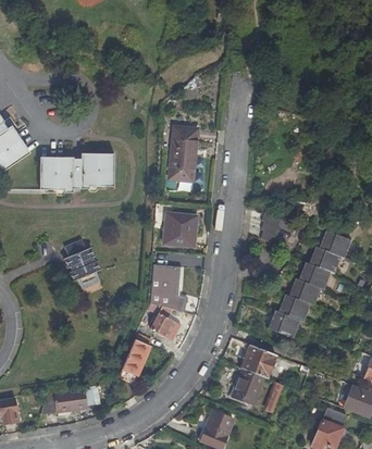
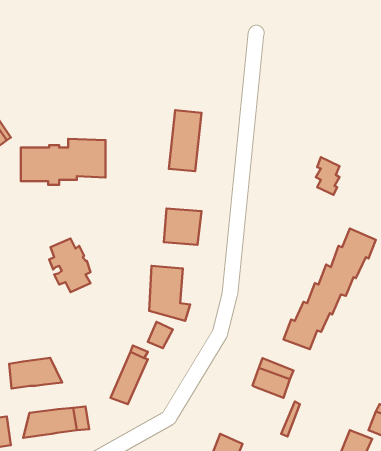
building: [260,212,281,245] -> [316,157,340,195]
building: none -> [9,358,62,389]
building: [233,370,263,406] -> none

